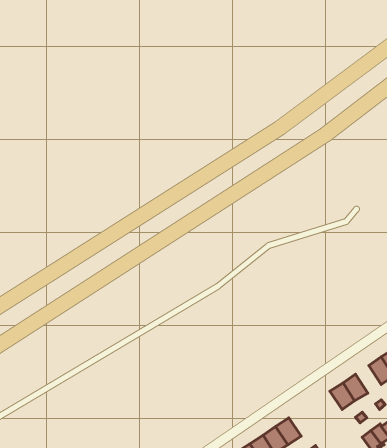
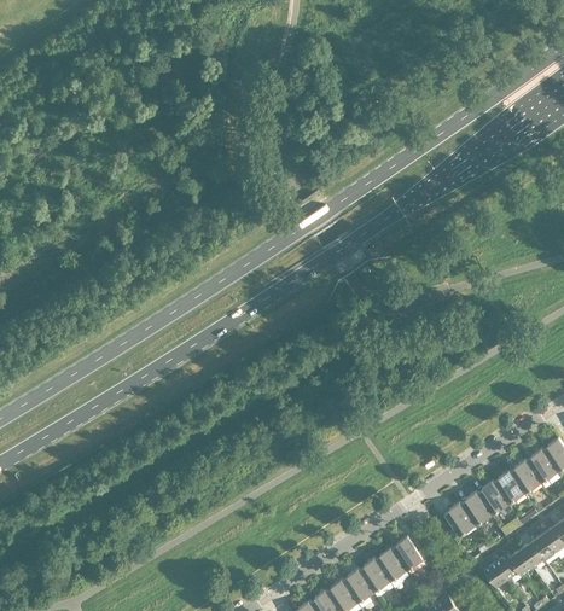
building: none -> [476,482,508,517]
building: none -> [391,537,423,571]

